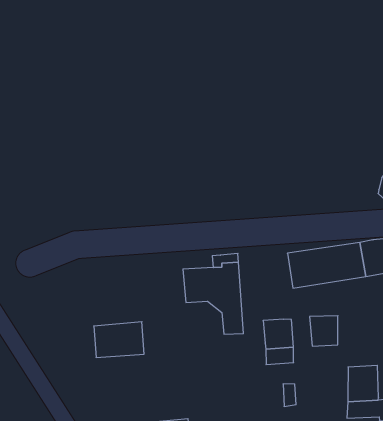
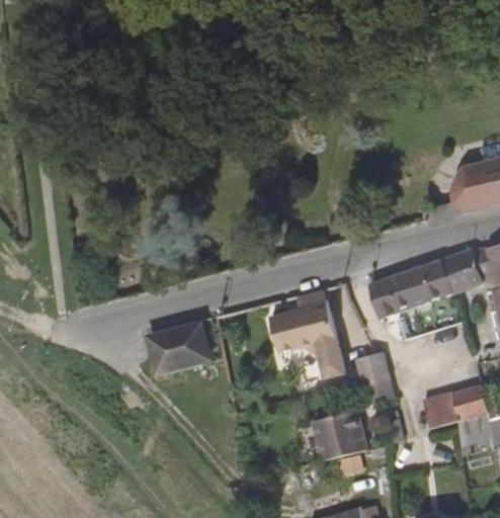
building: [310,316,338,346] -> [424,391,459,427]
building: [94,322,144,357] -> [152,324,210,369]
building: none -> [315,410,369,461]

